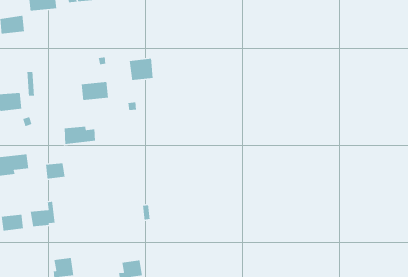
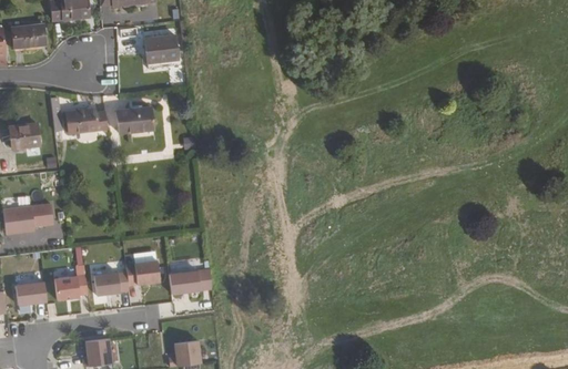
building: [129,58,154,81] -> [146,37,179,66]
building: [64,126,96,145] -> [65,106,108,131]
building: [45,163,66,180] -> [92,271,119,294]
building: none -> [124,259,158,284]
building: none -> [168,269,197,293]

